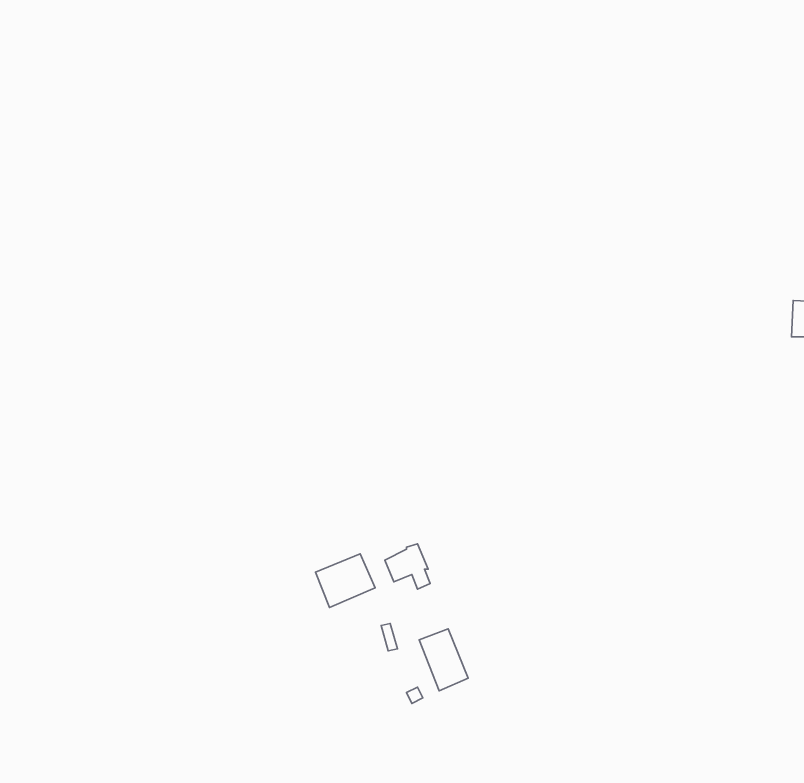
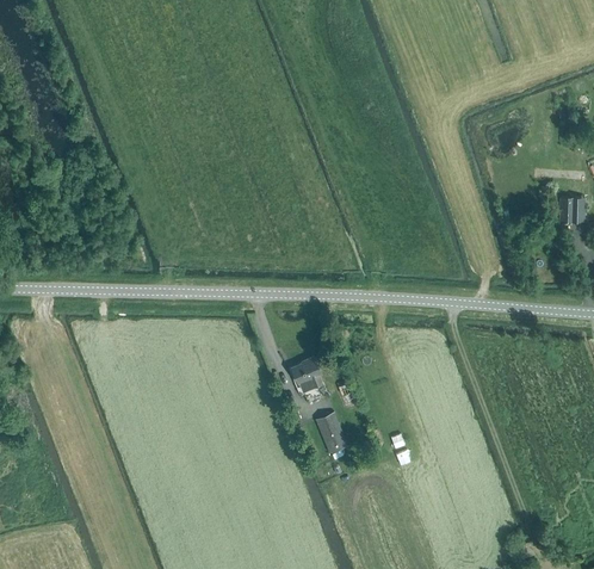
building: [316,554,375,607] -> none

